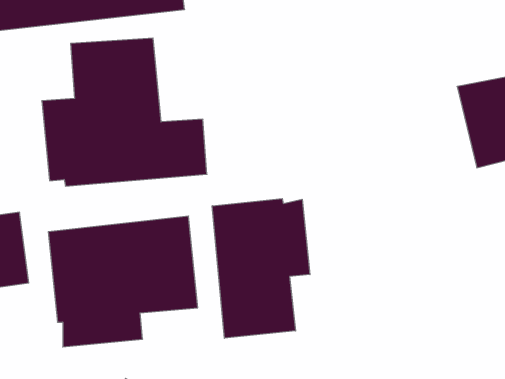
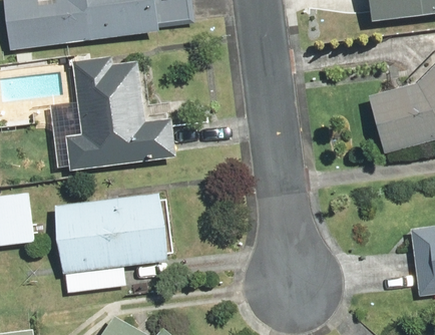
building: [212,199,310,338] -> none

